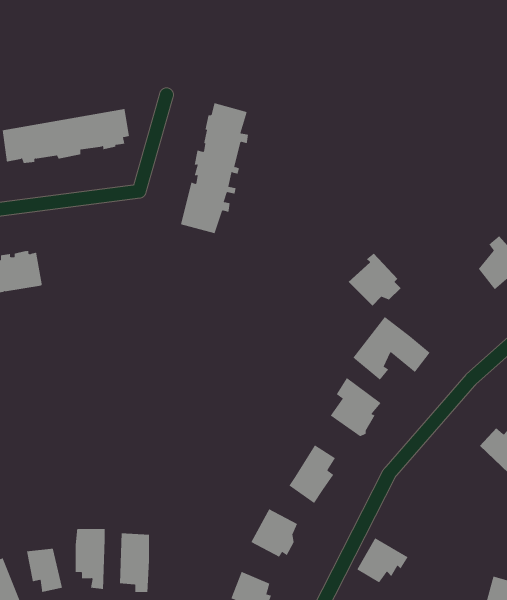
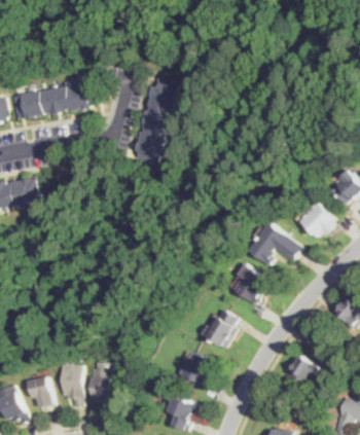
building: [348,253,401,306] -> [298,202,334,238]
building: [357,537,408,583] -> [286,355,321,386]

